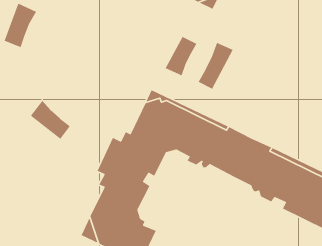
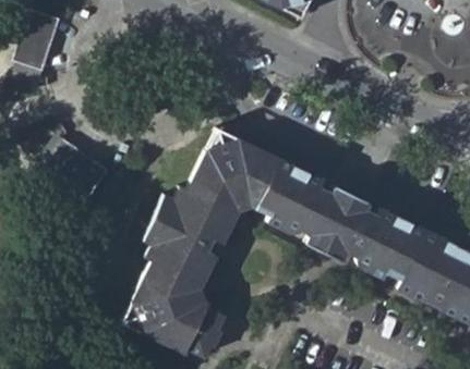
building: [164,36,198,77] -> none
building: [197,42,234,90] -> none

